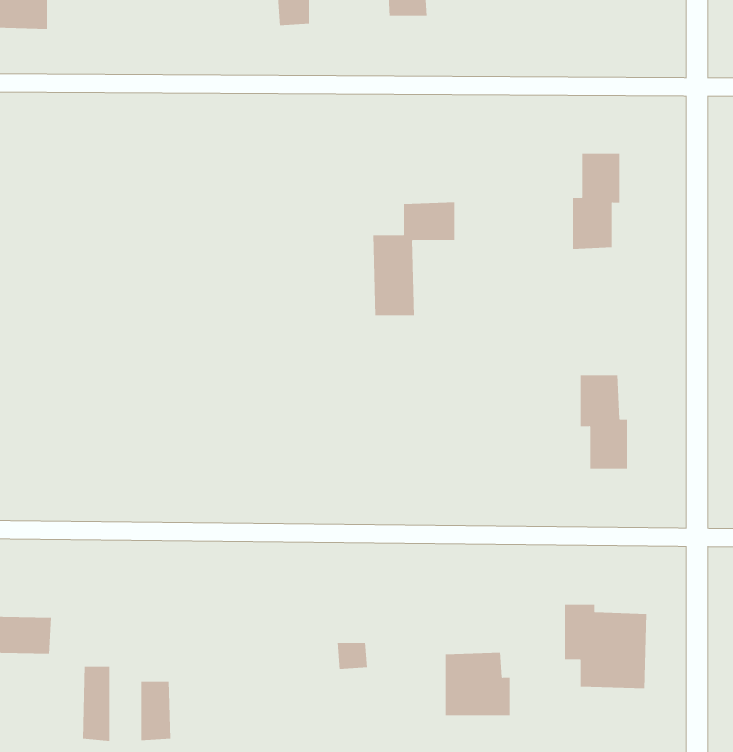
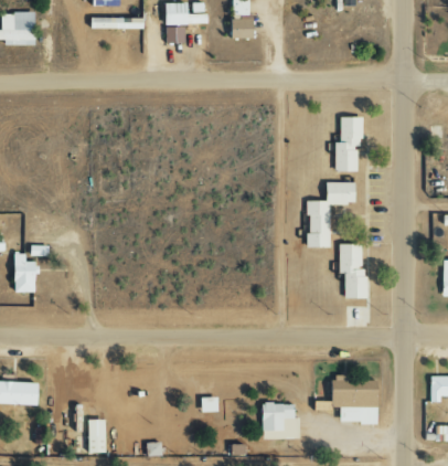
building: [372,202,455,316] -> [308,181,355,246]
building: none -> [14,253,35,292]
building: [82,666,110,742] -> none

